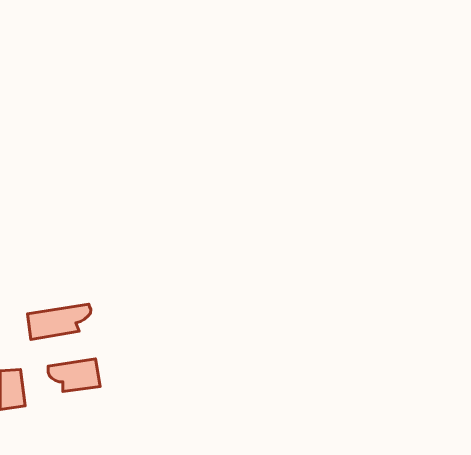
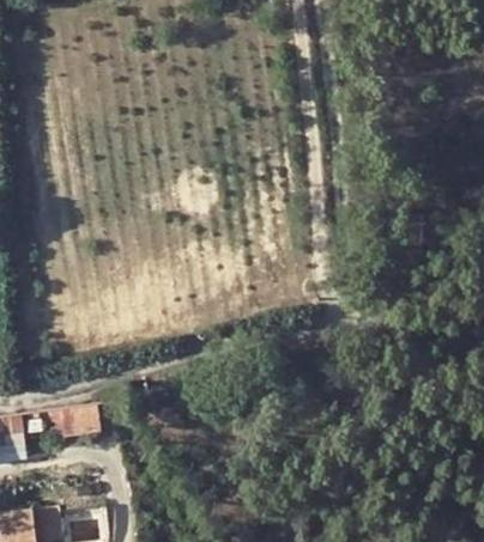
building: [28,304,91,339] -> none

